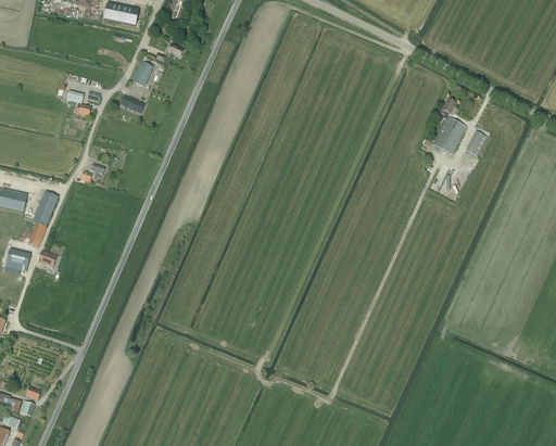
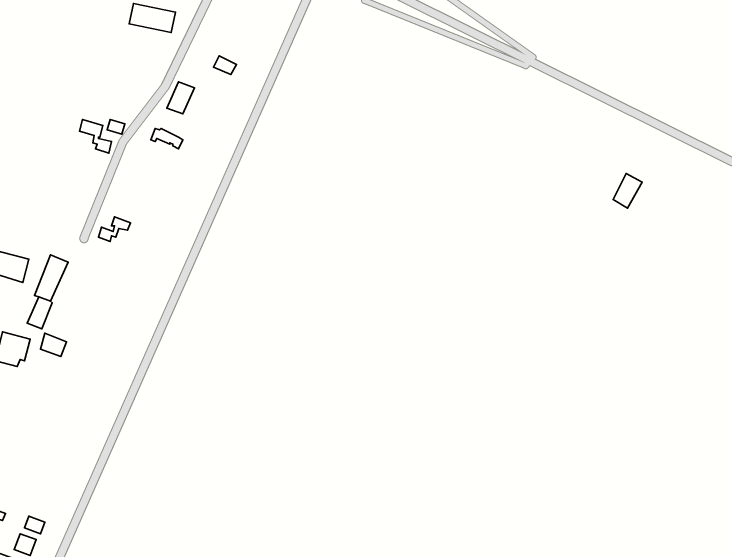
building: [431,98,466,154] -> none

